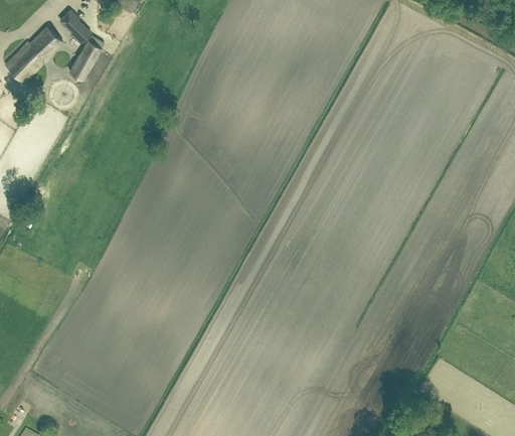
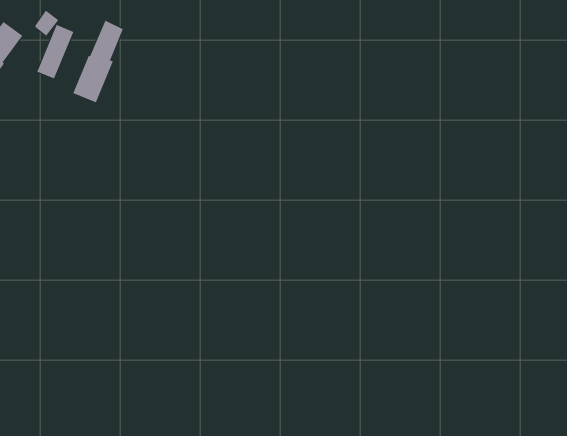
building: none -> [73,20,124,103]

